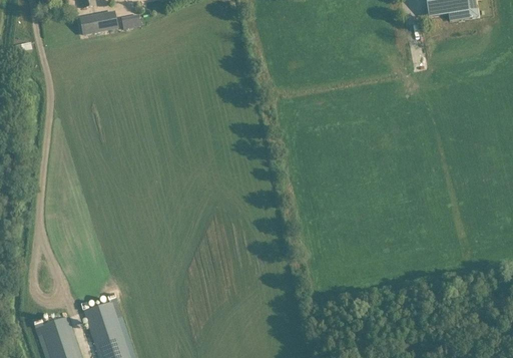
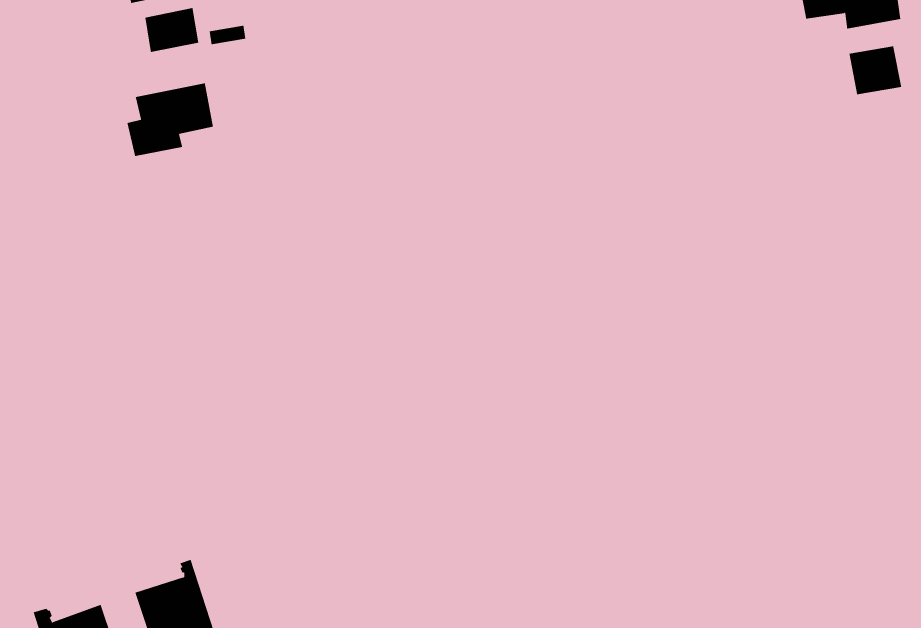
building: none -> [849,45,902,95]
building: none -> [127,83,214,157]

